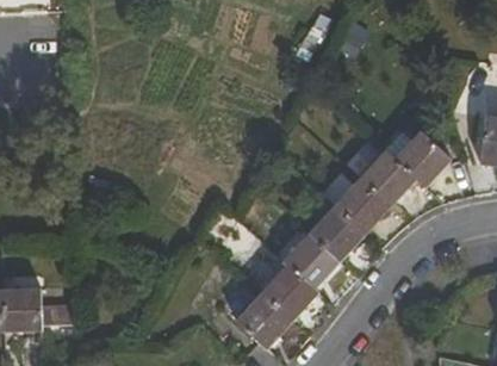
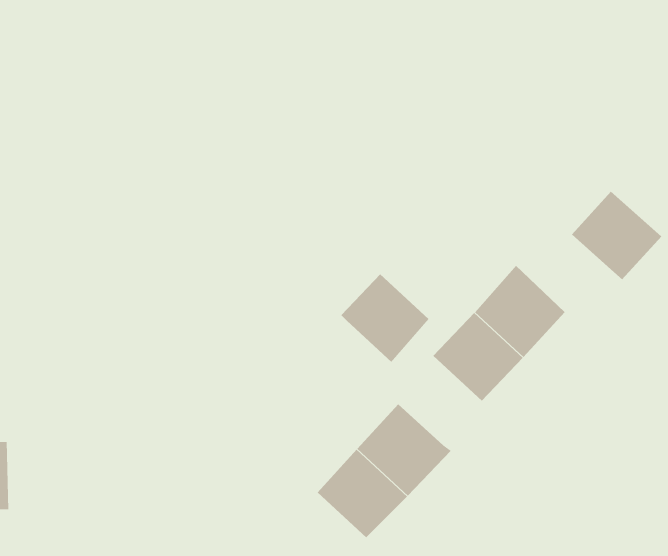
building: [359,149,416,206] -> none
building: [281,234,337,290] -> [340,273,430,363]

